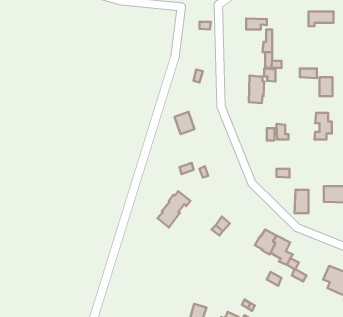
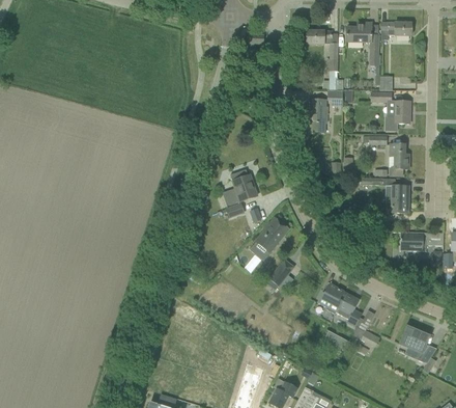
building: none -> [347,23,379,65]
building: [175,112,194,134] -> [233,174,257,201]
building: [295,190,308,213] -> [392,185,408,213]
building: [158,191,190,228] -> [250,217,289,261]

